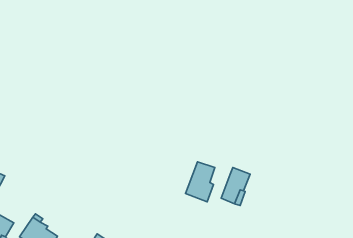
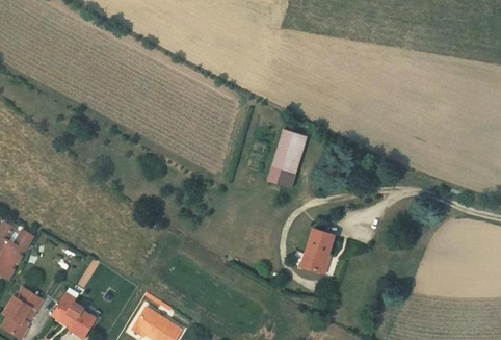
building: none -> [276,134,309,179]
building: [186,162,215,202] -> none

